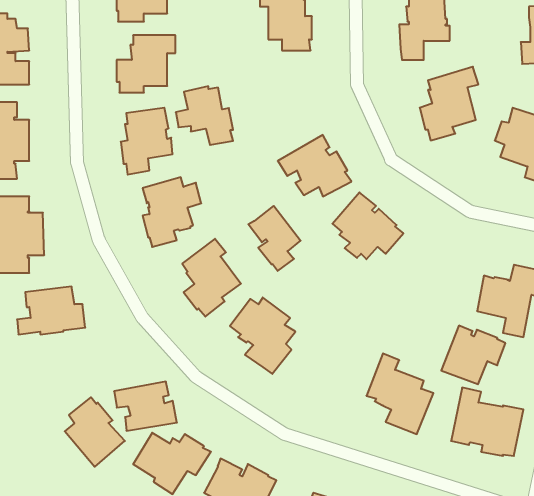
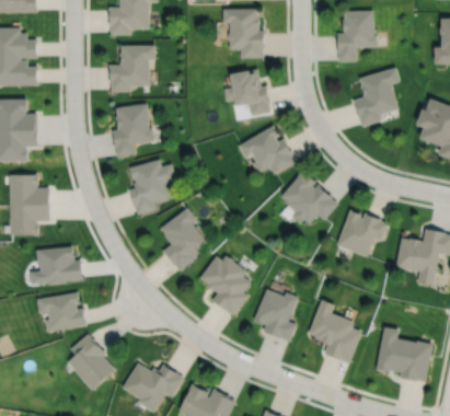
building: [176,86,233,145] -> [224,67,270,114]
building: [248,206,301,271] -> none
building: [441,326,505,384] -> [337,208,389,255]
building: none -> [254,288,299,340]
building: [114,382,177,431] -> [36,291,86,331]

